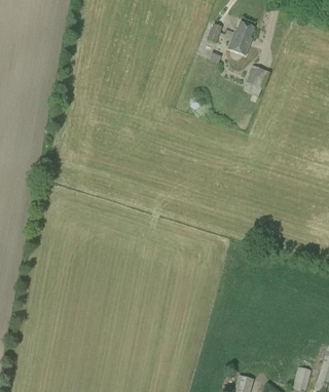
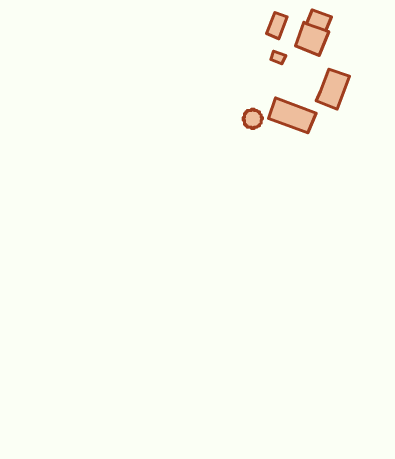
building: none -> [268,98,316,133]

